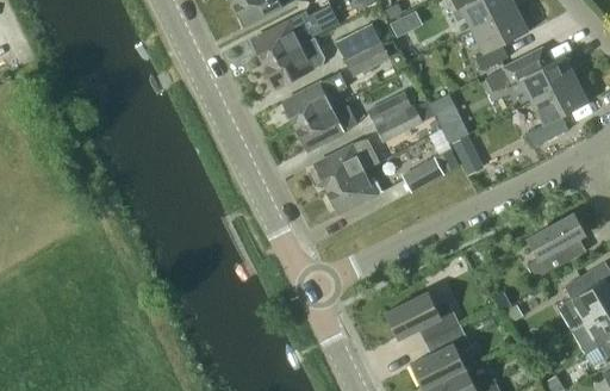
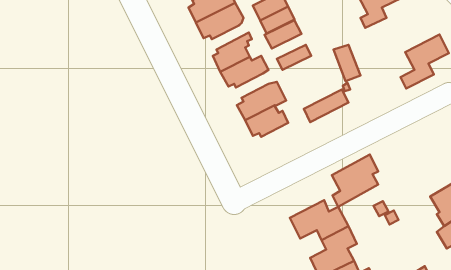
building: [486,49,575,101] -> none
building: [374,105,422,142] -> [264,20,302,49]
building: [525,212,585,279] -> [332,155,378,207]

